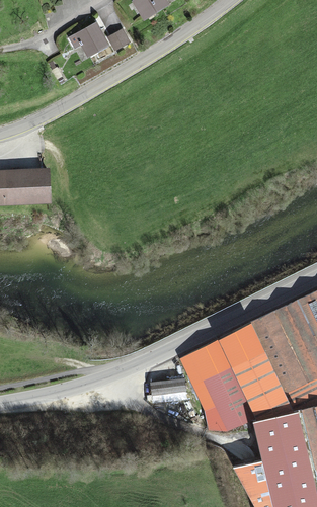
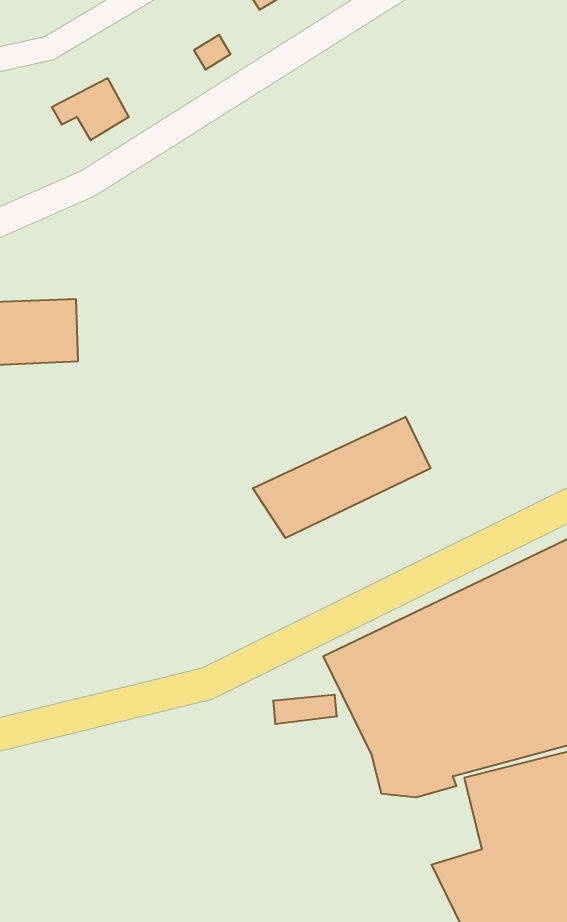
building: [67,23,107,56] -> [52,78,129,140]
building: none -> [253,417,430,538]

